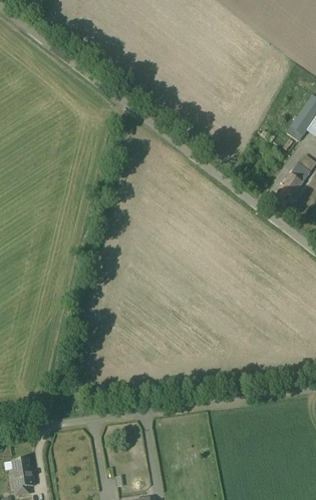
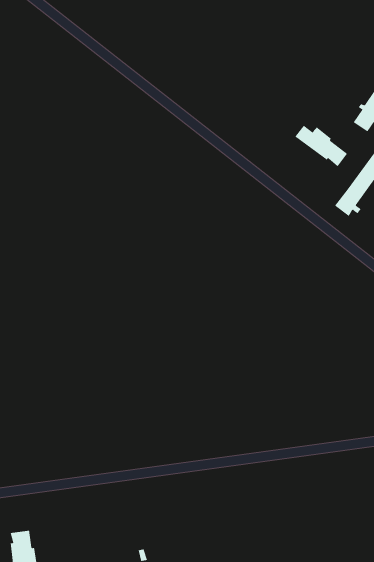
building: none -> [295,125,348,167]

